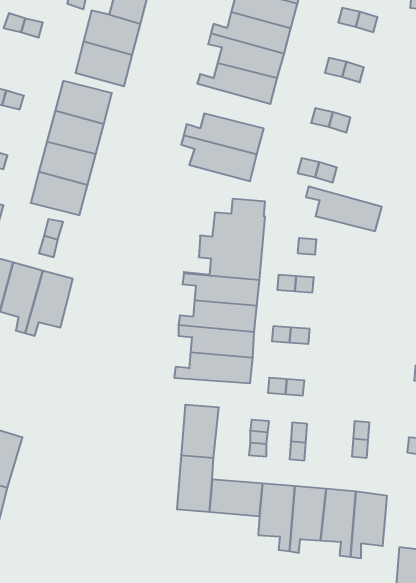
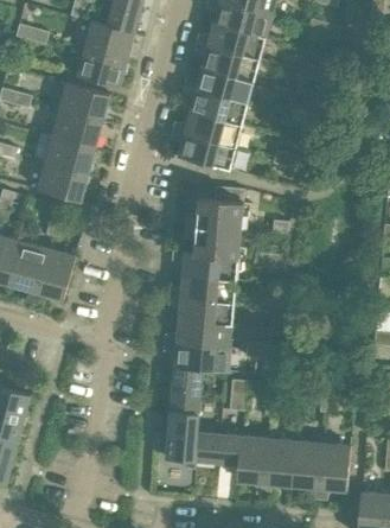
building: [306,186,382,231] -> [181,85,248,125]
building: none -> [162,343,230,371]

